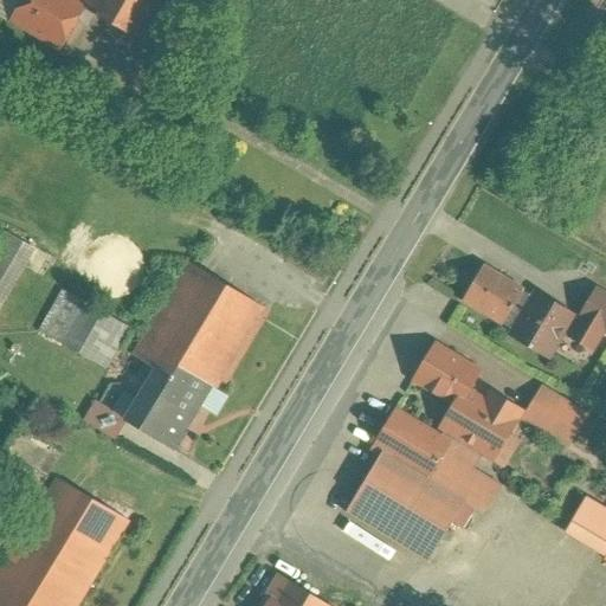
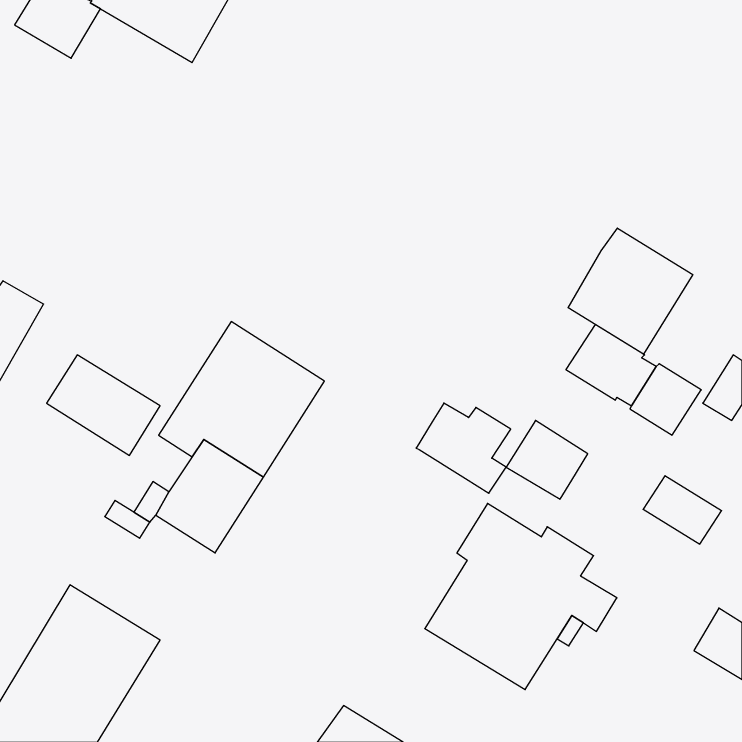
building: none -> [568,228,693,354]
building: [443,391,520,464] -> [416,403,511,493]

